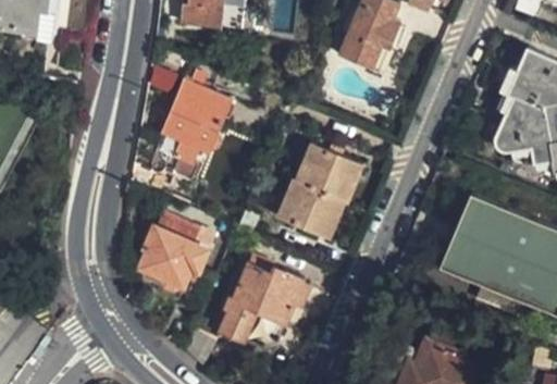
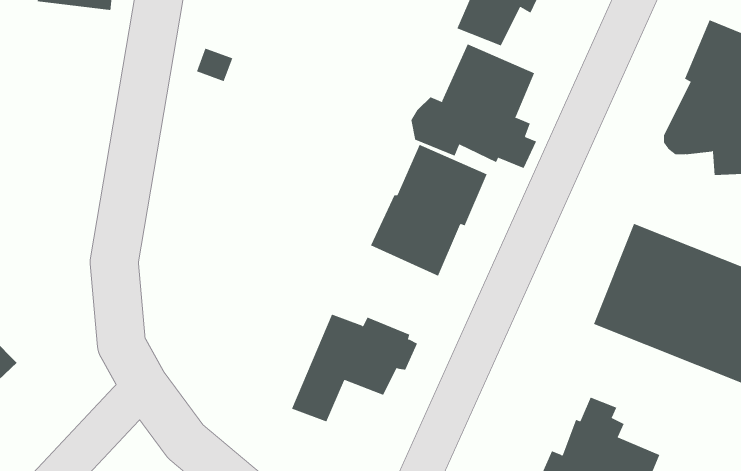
building: [151,59,232,174] -> none
building: none -> [411,43,537,169]
building: [139,214,208,287] -> none

